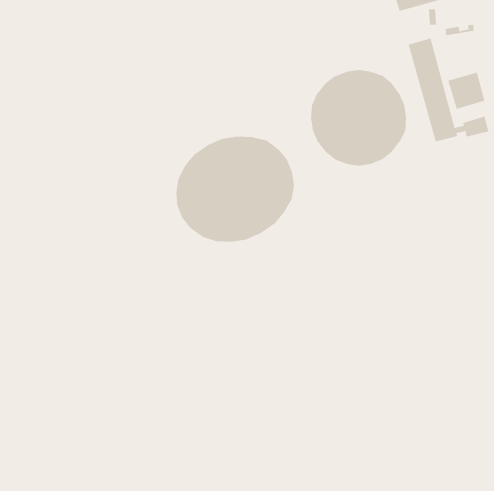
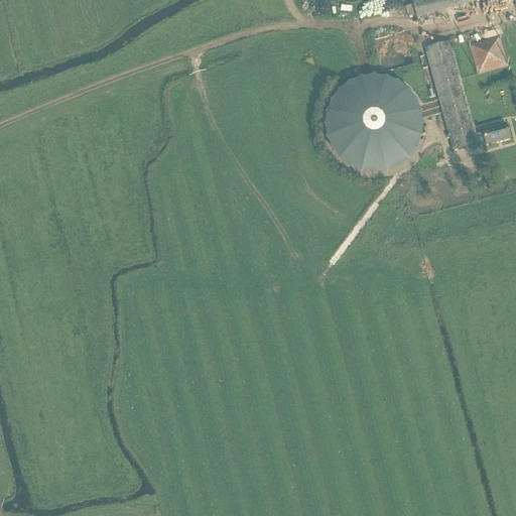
building: [447,72,485,110] -> [469,33,508,73]
building: [176,136,294,242] -> none

